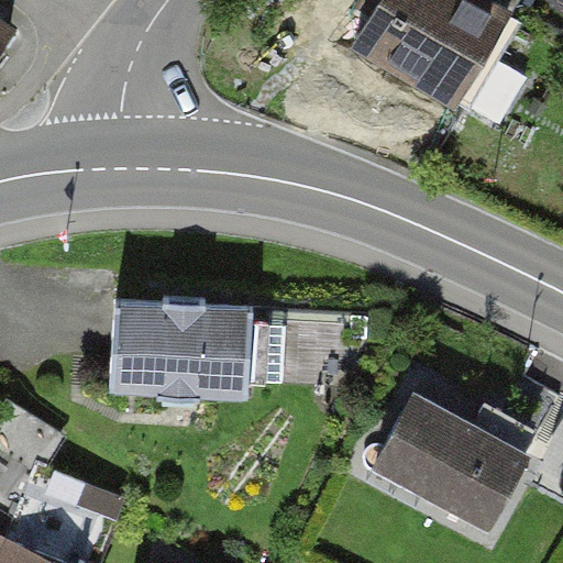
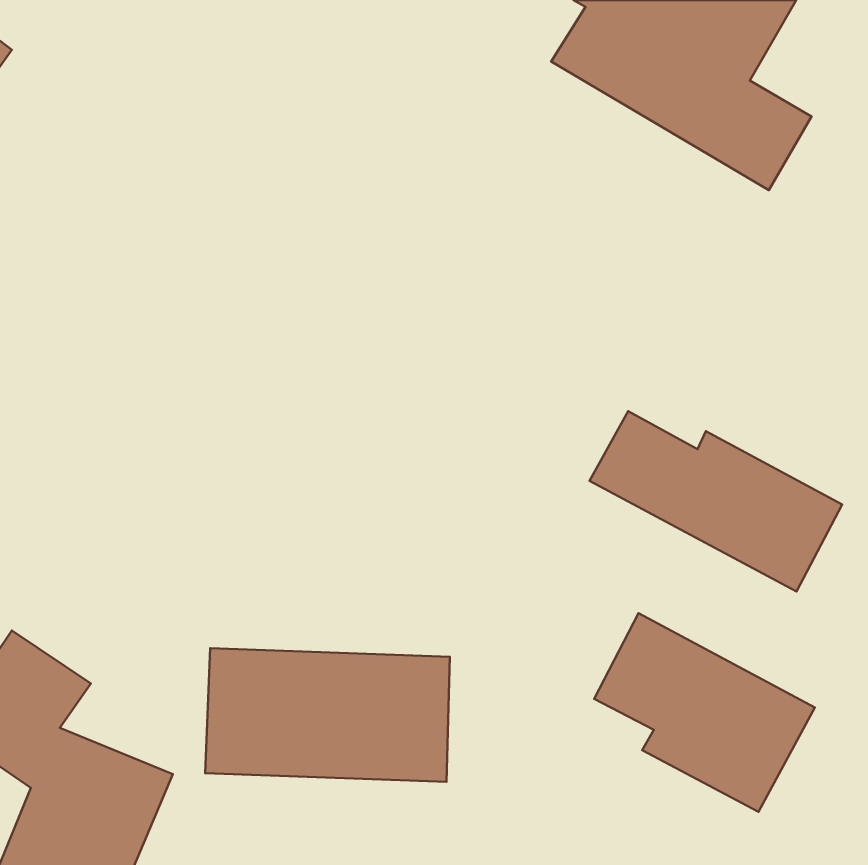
building: none -> [590,411,842,591]
building: [98,303,255,389] -> [205,648,450,782]

